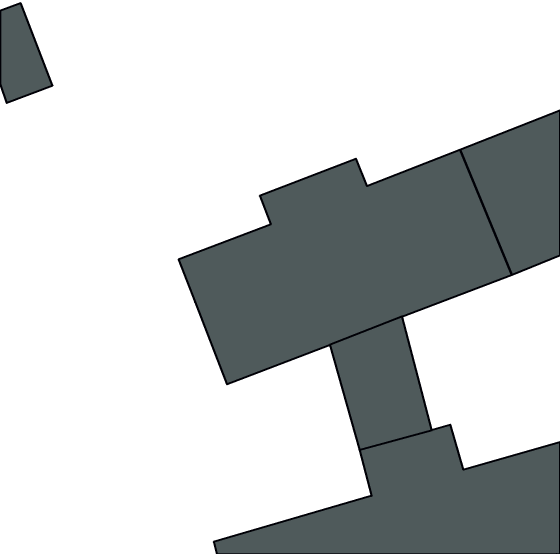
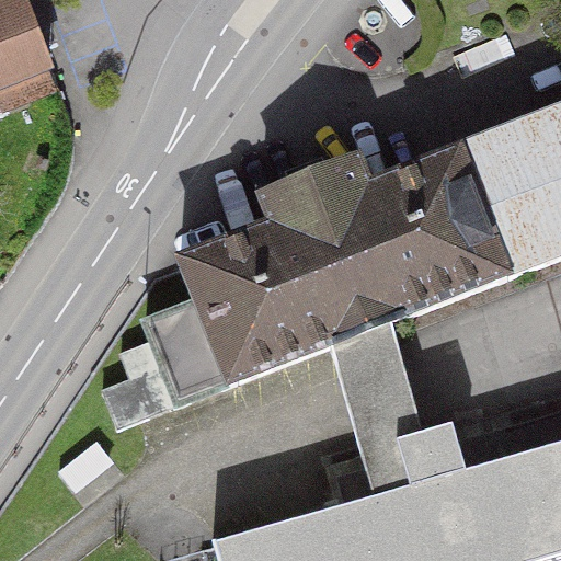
building: none -> [101,302,227,428]

